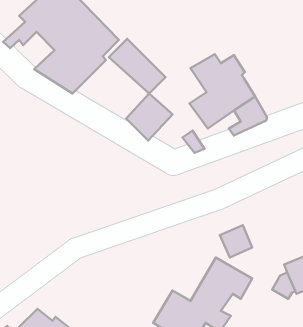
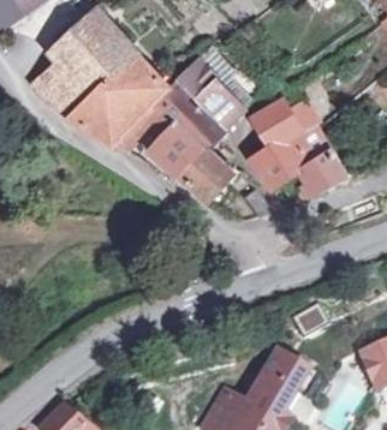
building: none -> [174,56,260,126]
building: none -> [35,72,88,117]
building: none -> [109,102,201,175]

